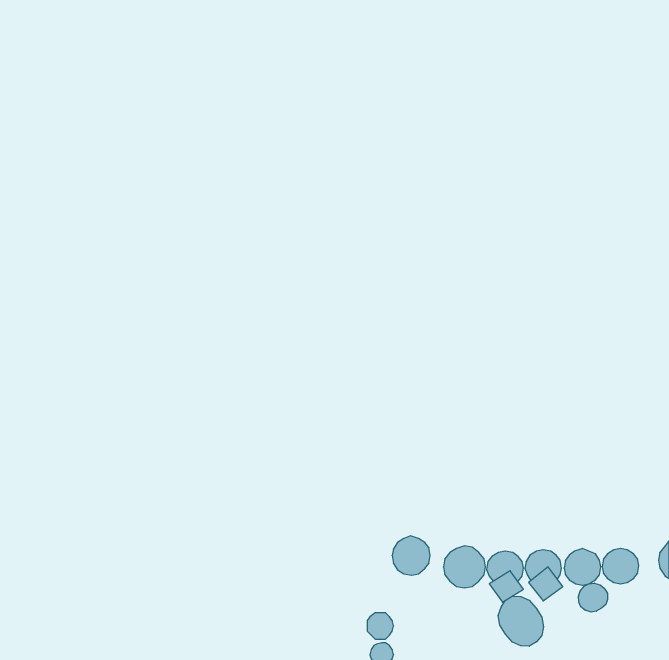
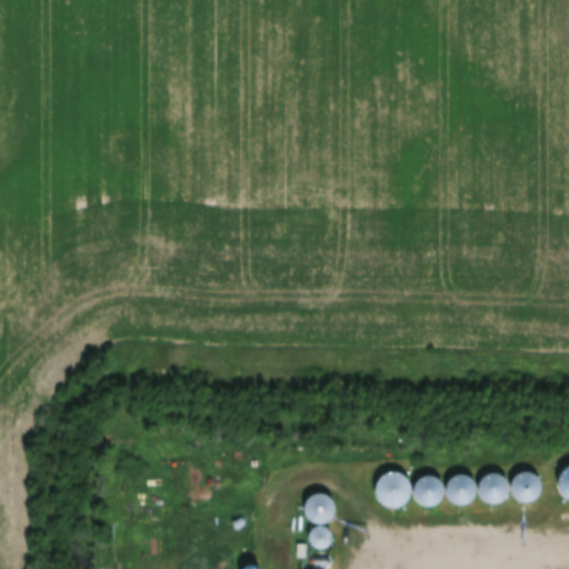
building: [392,536,430,575] -> [303,492,336,526]
building: [579,583,608,612] -> none
building: [498,596,543,646] -> none

